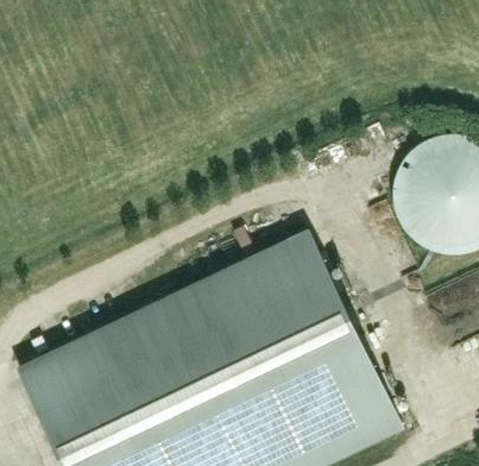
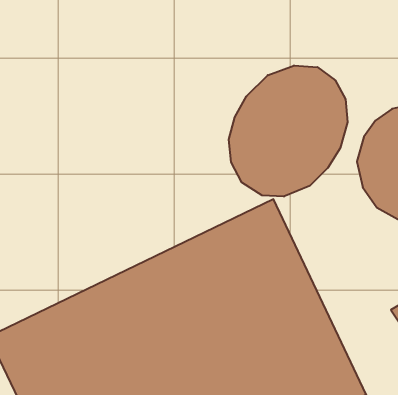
building: none -> [229,65,348,197]

